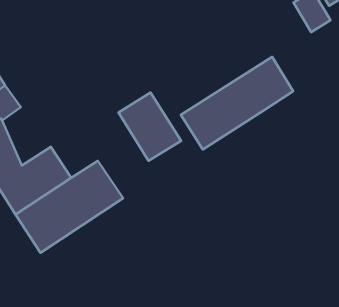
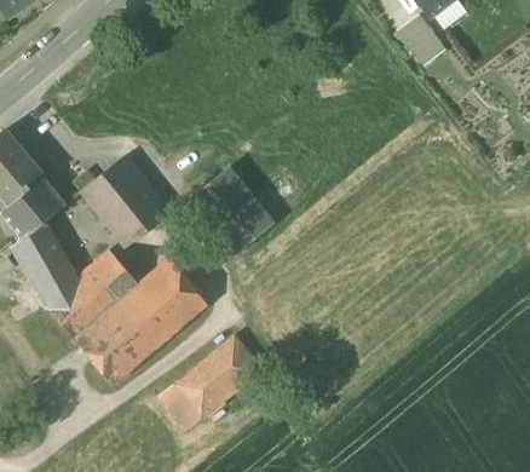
building: [181,57,293,150] -> none
building: none -> [74,155,168,246]
building: none -> [160,335,260,427]

